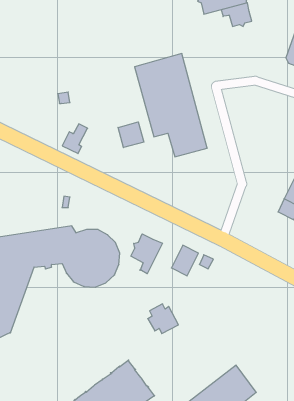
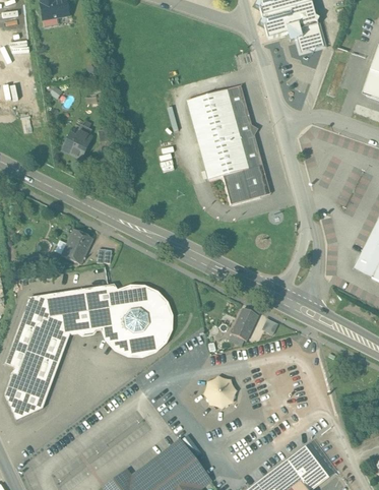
building: [118,122,144,148] -> none
building: [62,124,88,154] -> [62,124,91,159]
building: none -> [61,229,92,264]
building: [131,234,162,274] -> none

